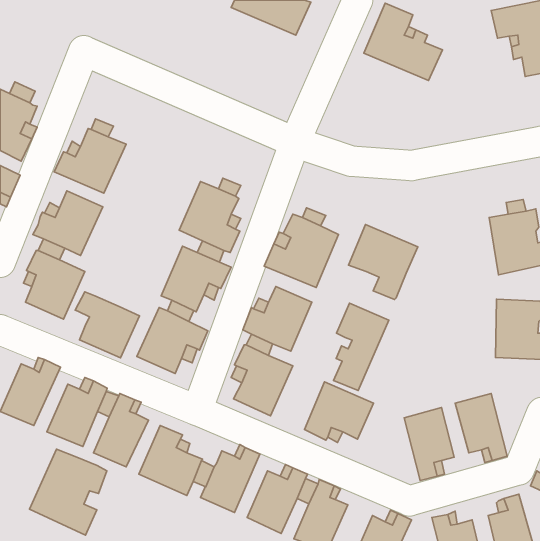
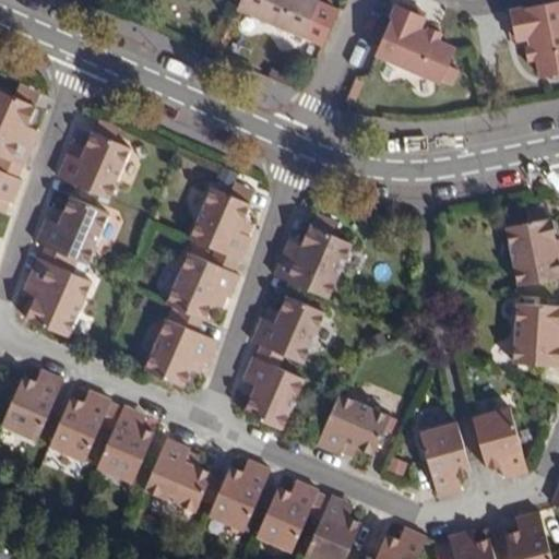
building: [349,225,418,299] -> none
building: [75,292,139,358] -> none
building: [333,303,389,391] -> none
building: [30,449,107,535] -> none

